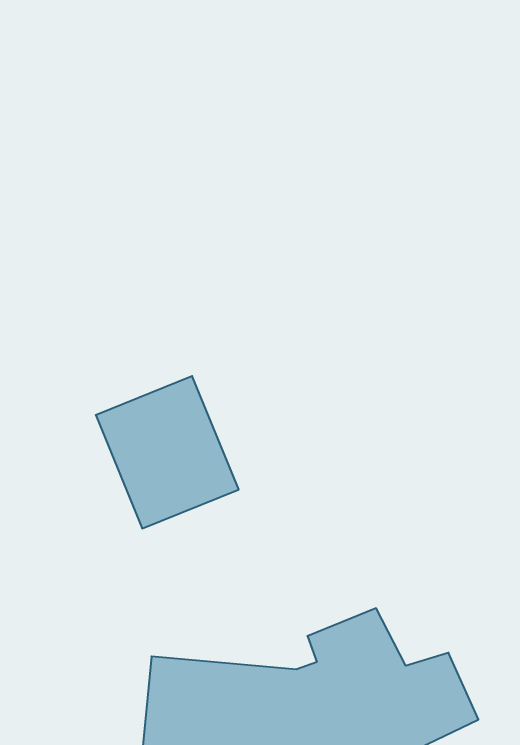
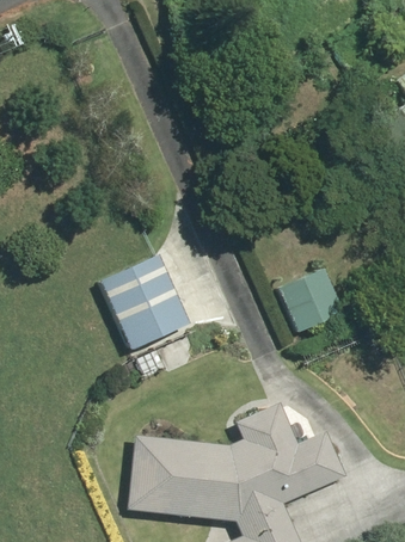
building: none -> [280,269,345,333]

